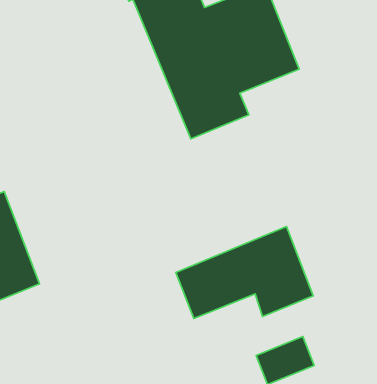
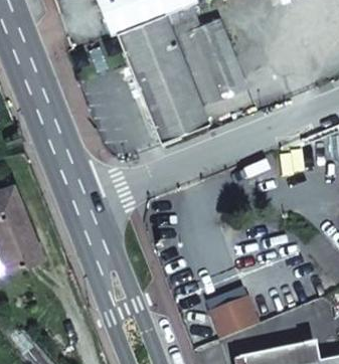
building: [176,227,313,319] -> none

